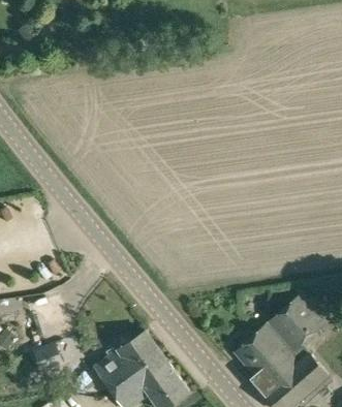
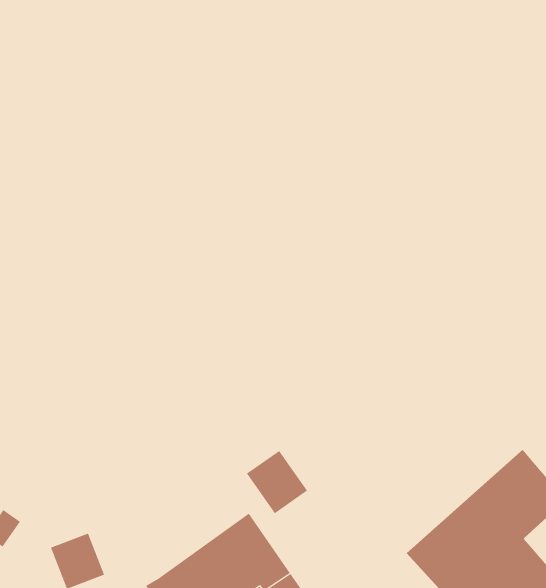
building: none -> [246,450,308,514]

